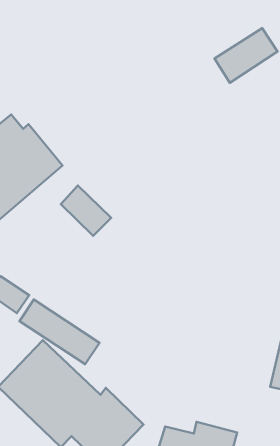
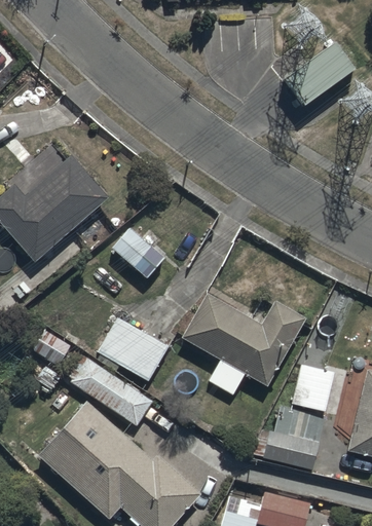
building: none -> [181,293,307,397]
building: none -> [97,320,168,384]
building: none -> [261,363,336,469]

